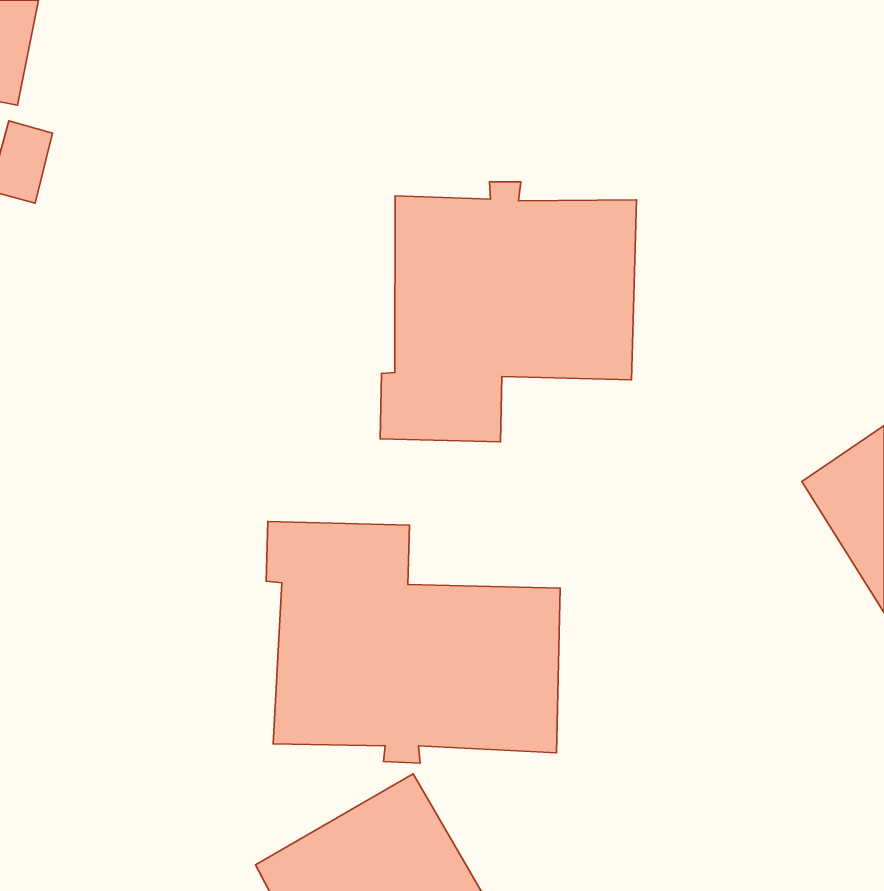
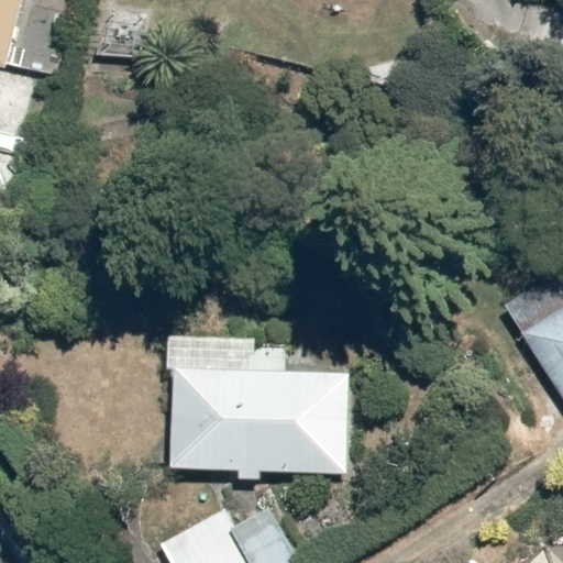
building: [380,182,636,442] -> none

